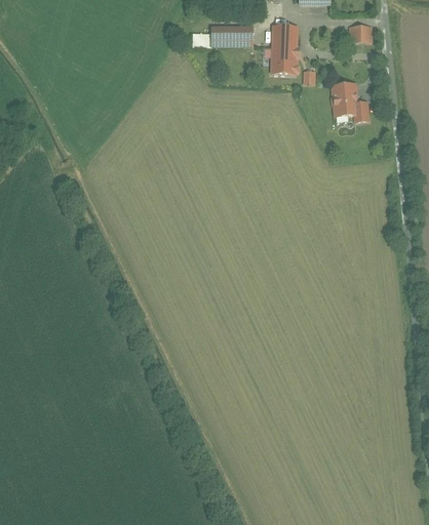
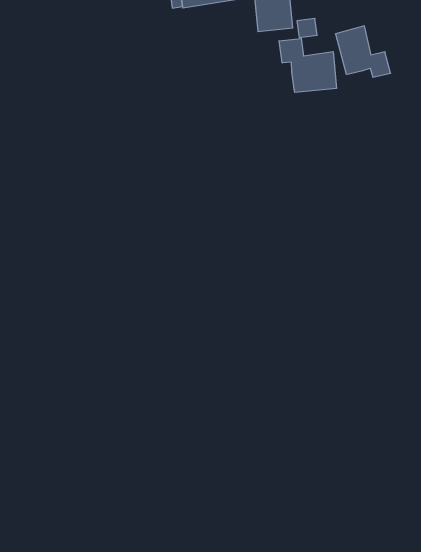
building: none -> [279,38,336,92]

